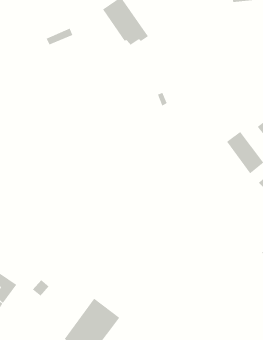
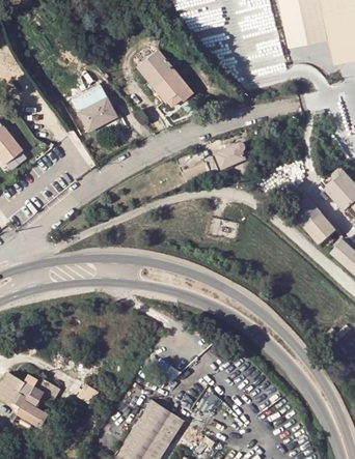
building: none -> [78,97,115,131]
building: none -> [216,142,246,168]

